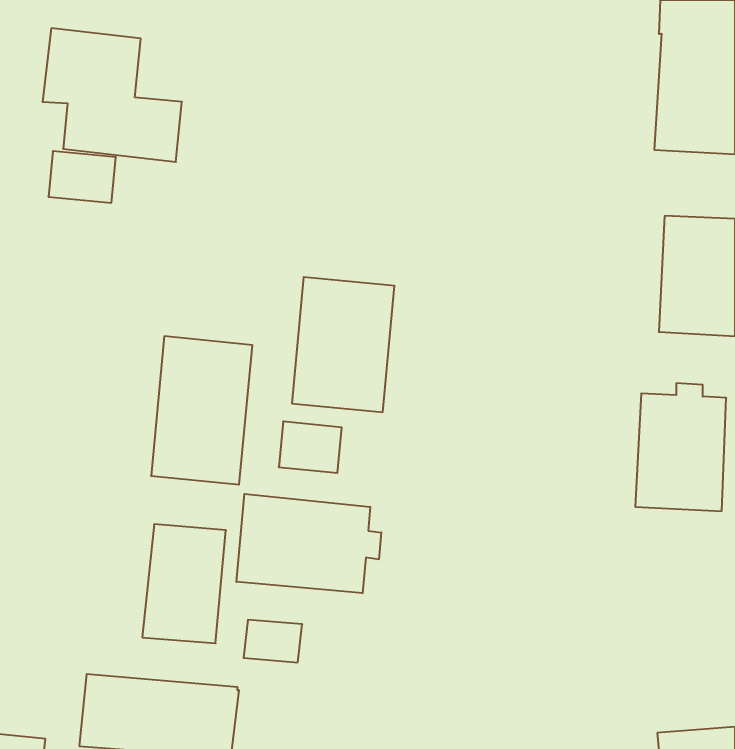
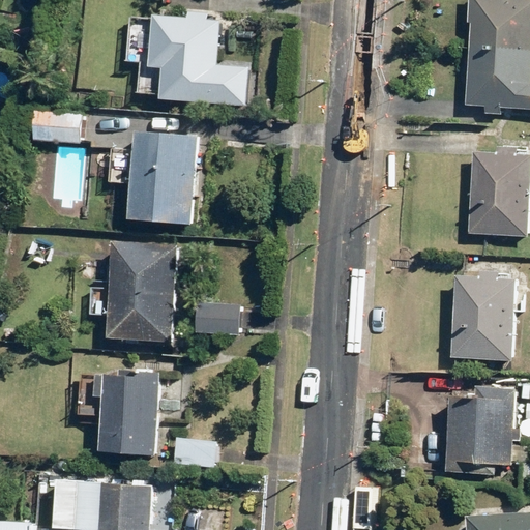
building: [42,28,182,162] -> [150,11,248,106]
building: [292,277,395,412] -> [128,128,201,224]
building: [236,494,381,593] -> none
building: none -> [444,387,514,476]

